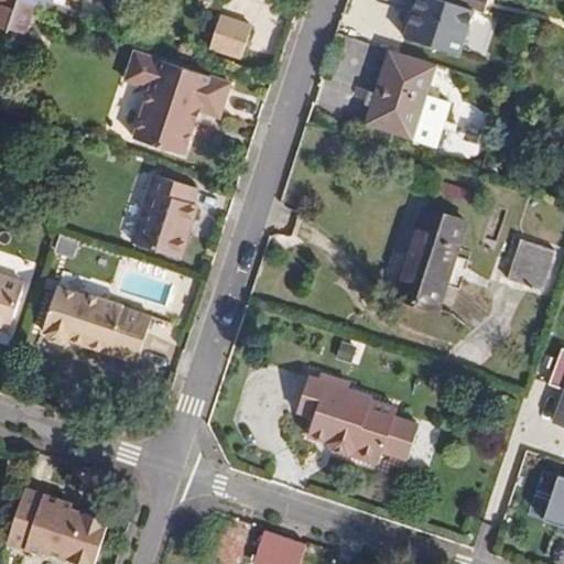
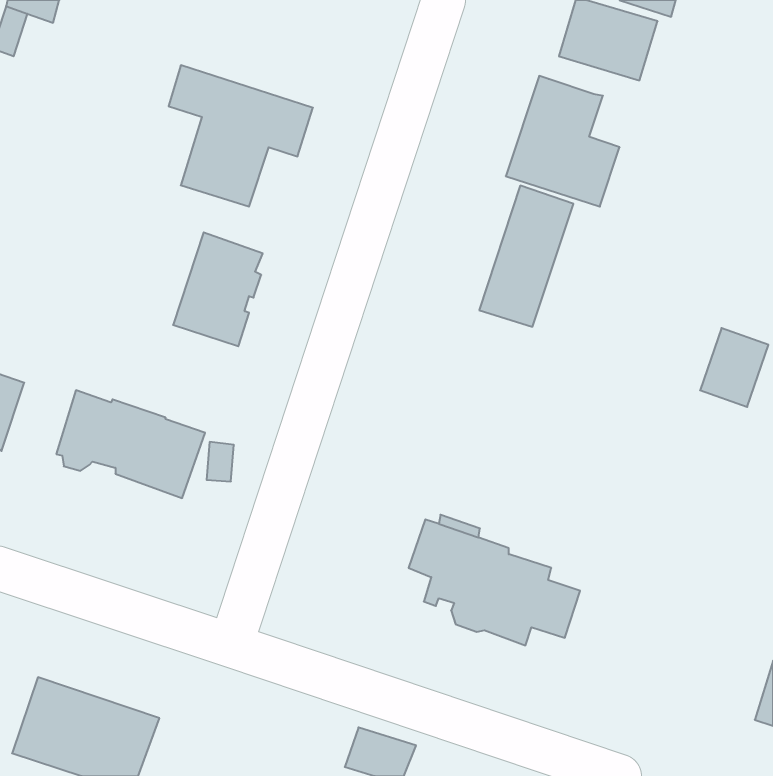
building: [207,13,248,54] -> none
building: [401,207,469,310] -> [479,186,573,327]

